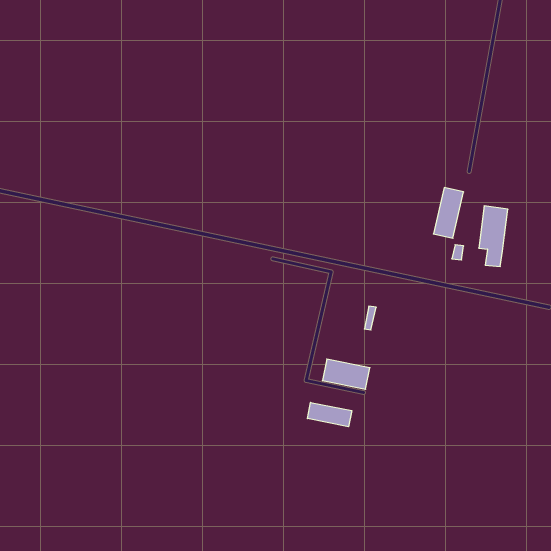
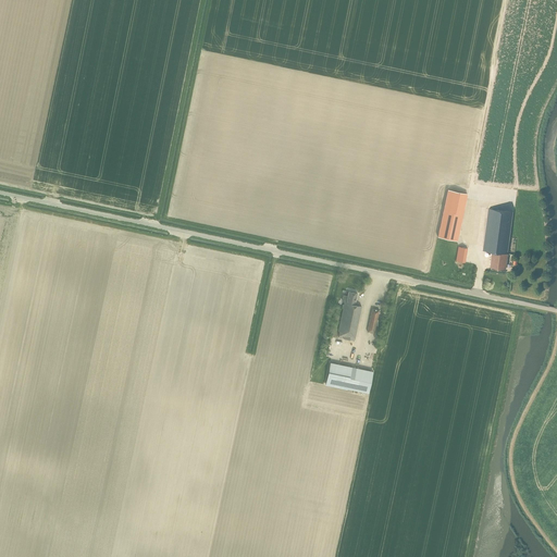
building: none -> [338,292,361,341]
building: [307,402,352,427] -> none

